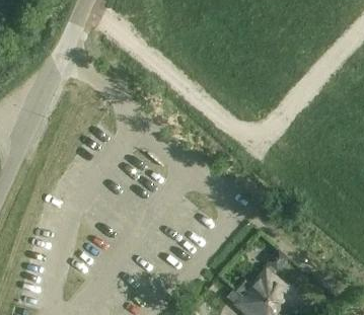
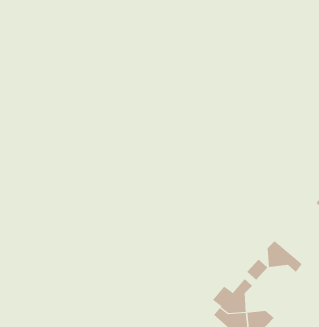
building: [263,275,296,306] -> [267,241,303,273]

